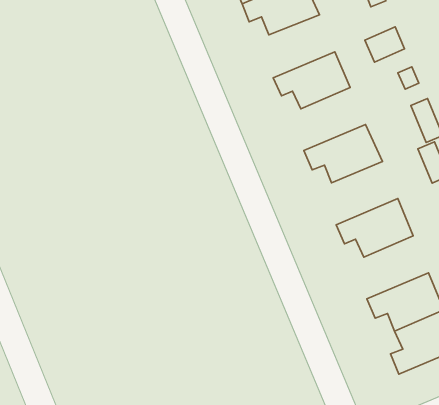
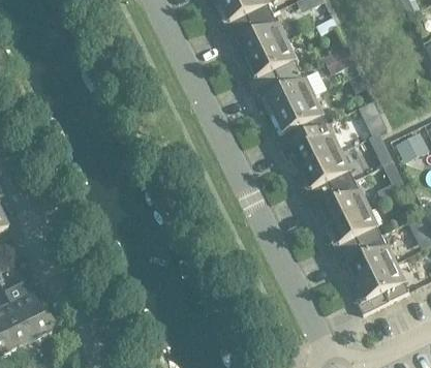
building: none -> [246,39,300,90]
building: none -> [274,94,327,145]
building: none -> [301,150,355,201]
building: none -> [329,206,381,256]

